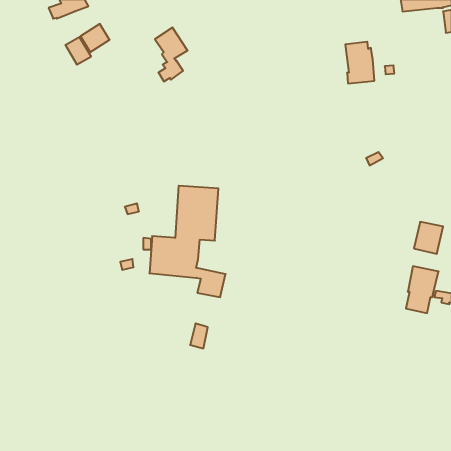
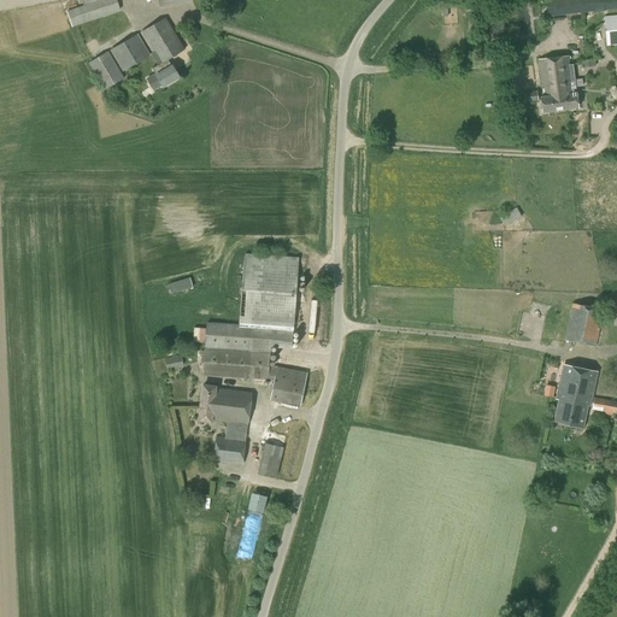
building: [155,28,188,81] -> [142,17,187,90]
building: [345,42,374,83] -> [539,54,578,111]
building: none -> [199,383,252,464]

